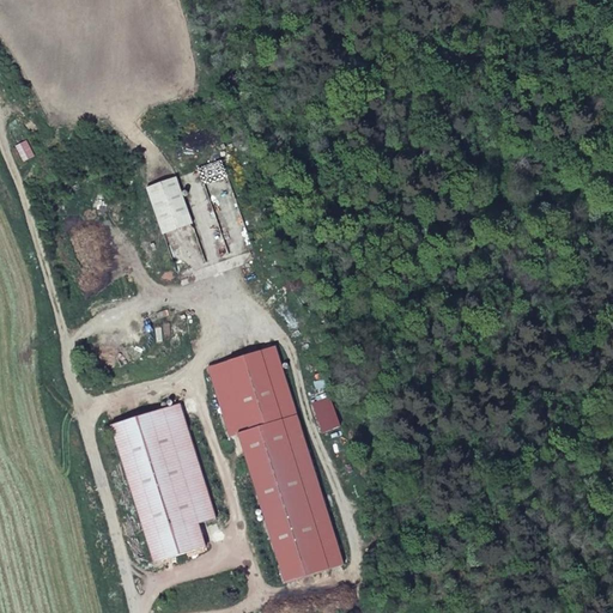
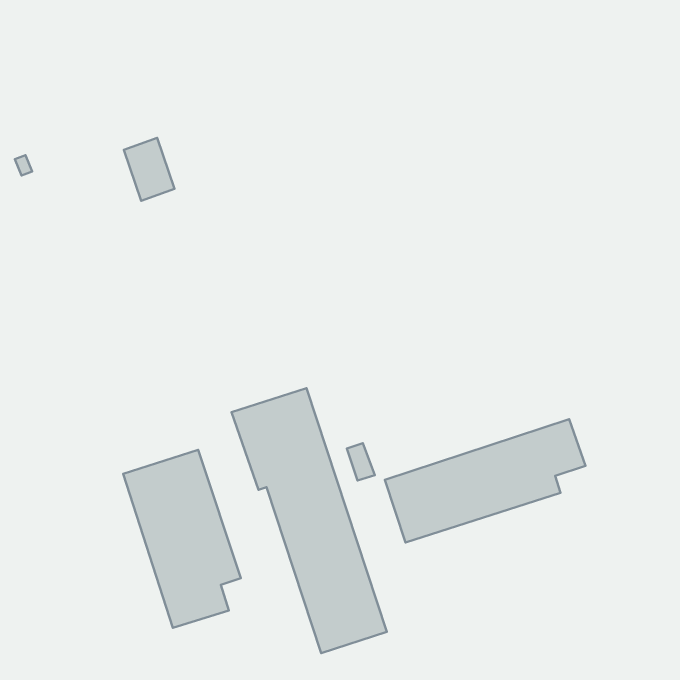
building: [144,175,189,231] -> [124,138,175,201]
building: none -> [385,419,585,543]

